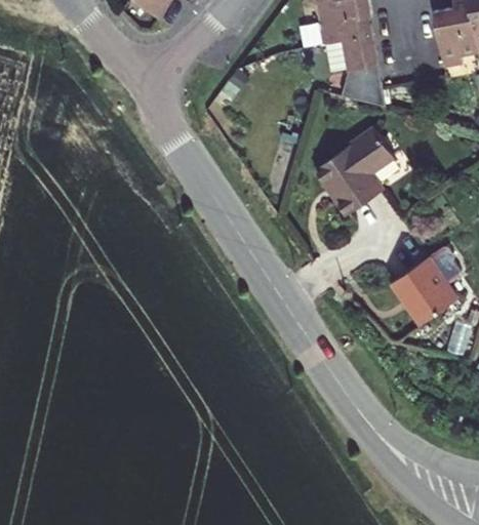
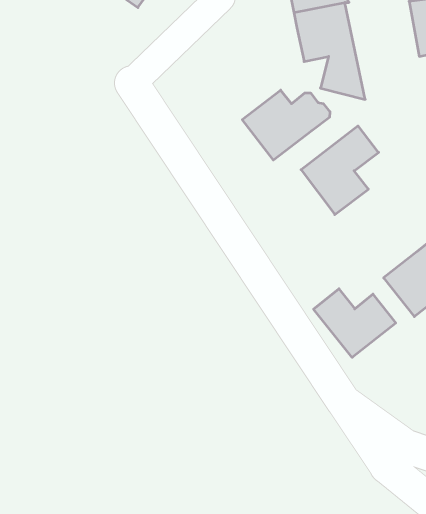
building: none -> [242,90,330,160]
building: none -> [314,289,396,357]

